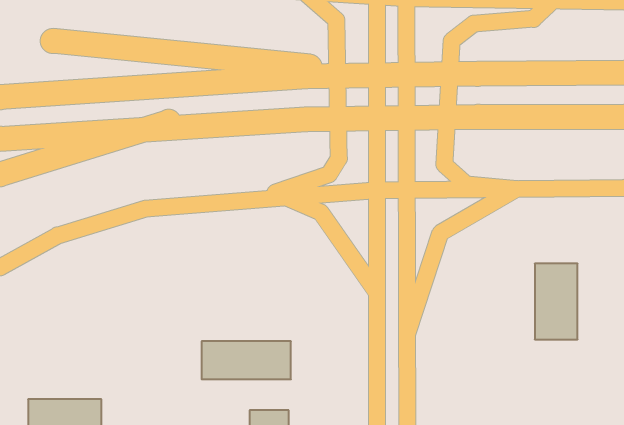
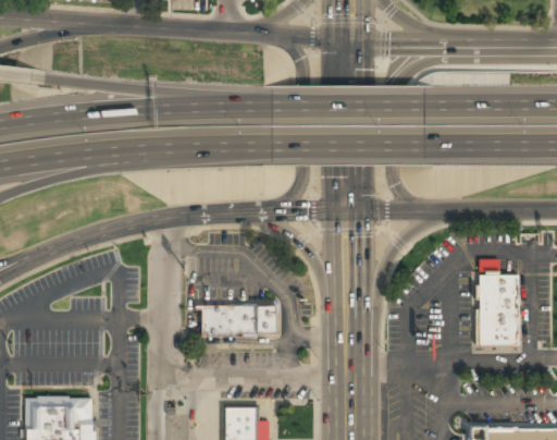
building: [202,341,291,379] -> [201,305,281,339]

